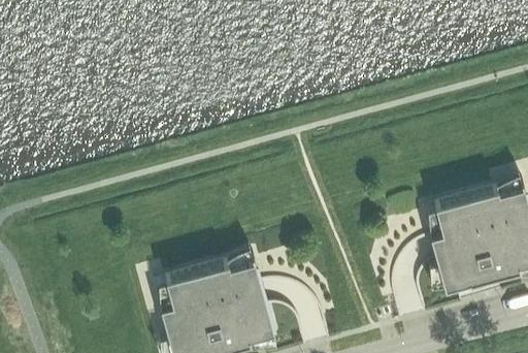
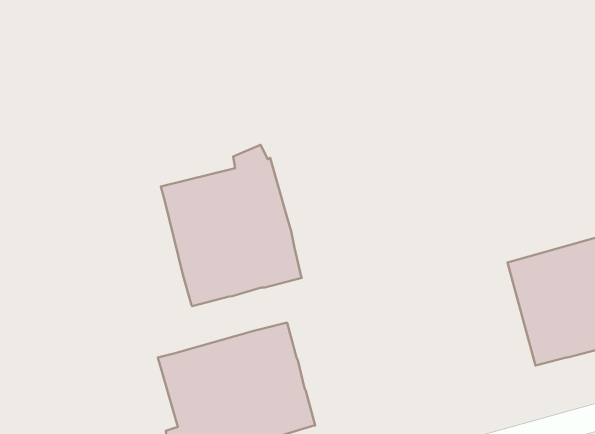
building: none -> [161,145,302,306]

